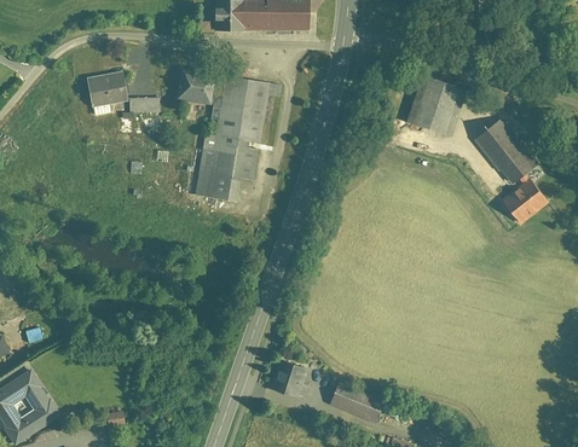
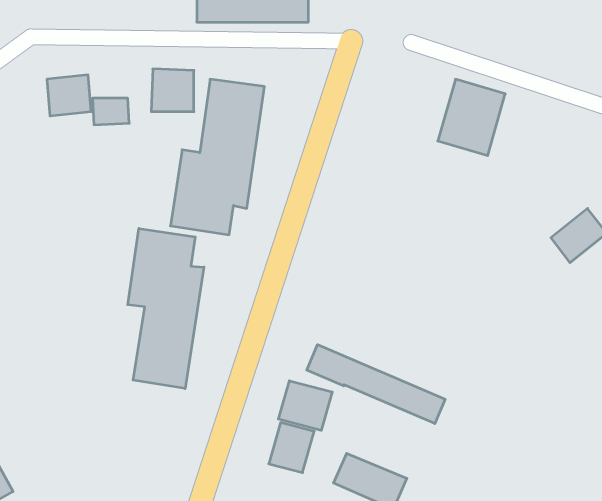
building: [472,122,533,184] -> none
building: none -> [128,228,204,389]
building: none -> [307,345,445,424]
building: none -> [278,381,332,430]

